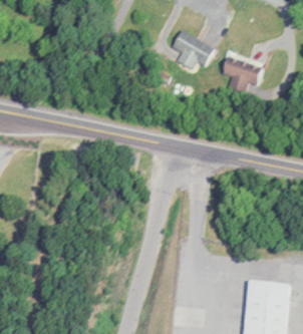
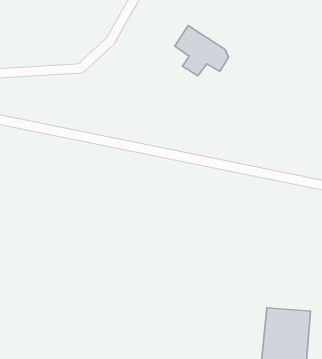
building: [217,46,261,86] -> none

